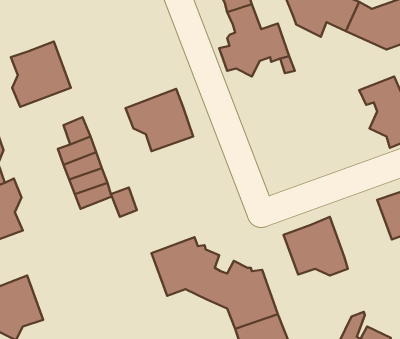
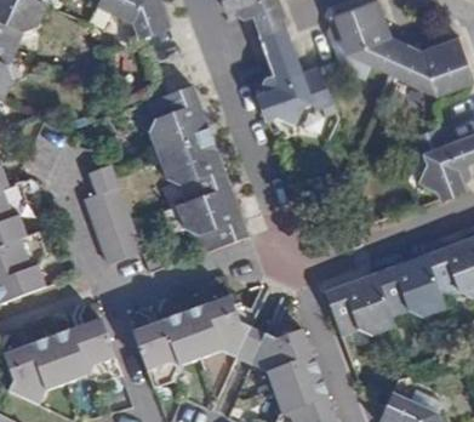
building: [11,41,71,107] -> [145,85,210,155]
building: none -> [175,186,246,251]
building: none -> [375,253,445,318]
building: none -> [131,310,200,387]
building: none -> [50,316,120,382]

